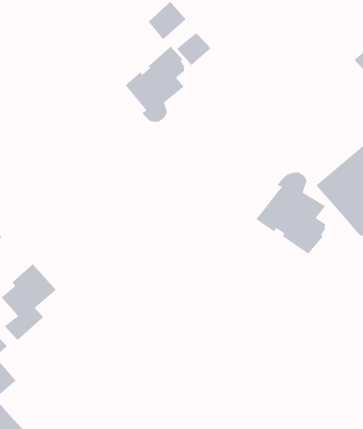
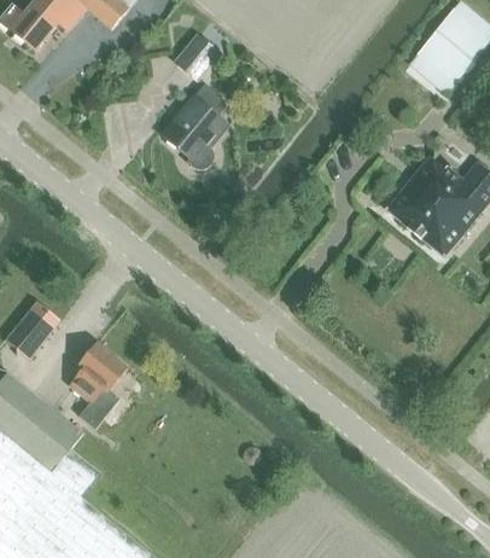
building: [176,32,211,66] -> none
building: [256,172,326,254] -> none

